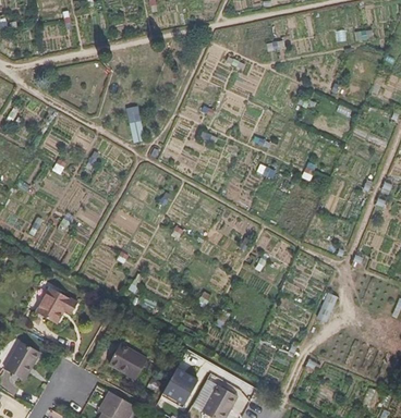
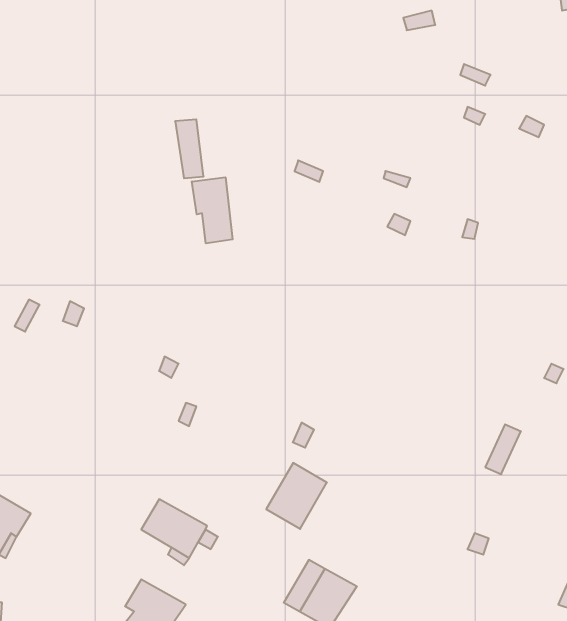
building: none -> [192,177,233,243]
building: [34,284,74,321] -> none
building: [160,367,197,407] -> [266,463,327,529]

